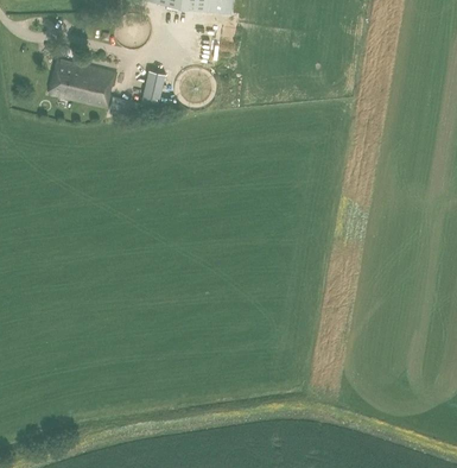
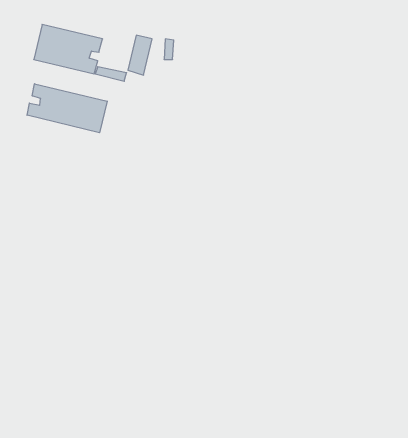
building: none -> [27,84,107,133]

